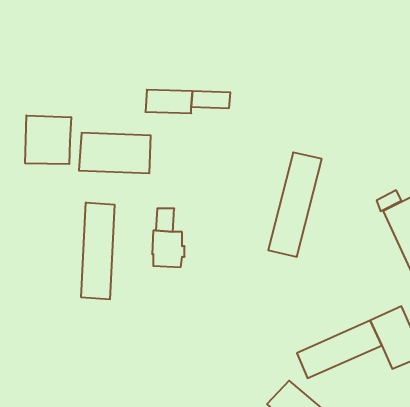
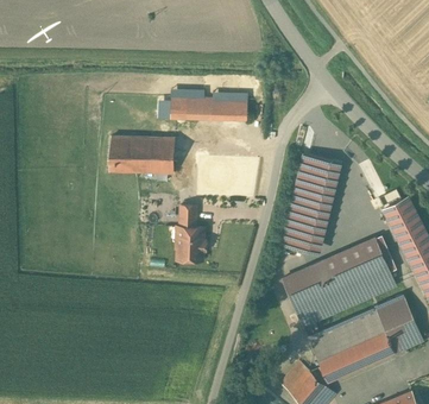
building: [25,115,71,164] -> none
building: [81,202,114,299] -> none
building: none -> [282,239,396,327]
building: none -> [317,332,395,383]

